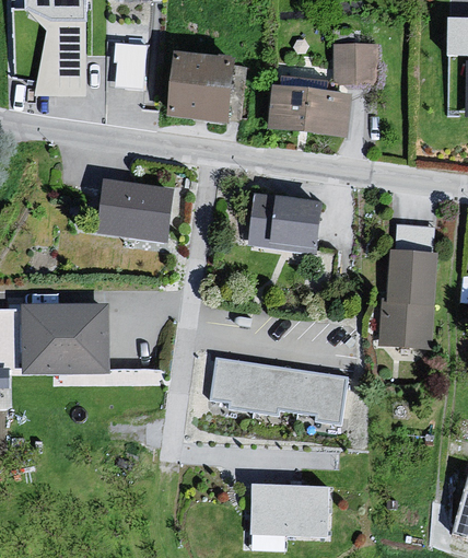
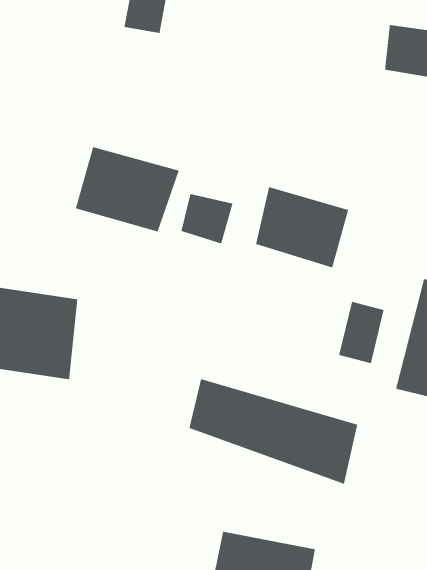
building: [166,55,234,126] -> none
building: [268,86,350,137] -> none
building: none -> [180,193,234,244]
building: none -> [338,301,385,364]

